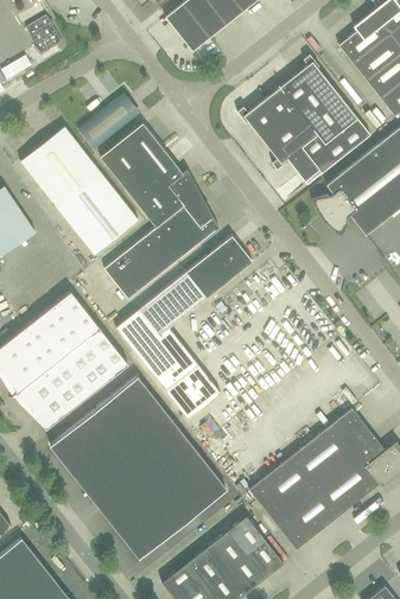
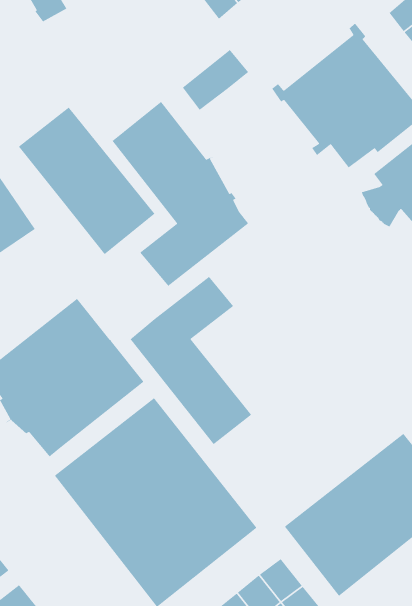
building: [80,96,138,149] -> [182,49,249,111]
building: [185,236,253,299] -> none
building: [104,253,150,299] -> none

